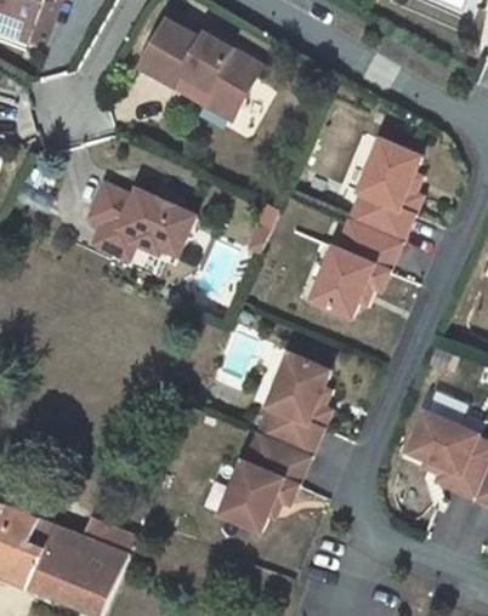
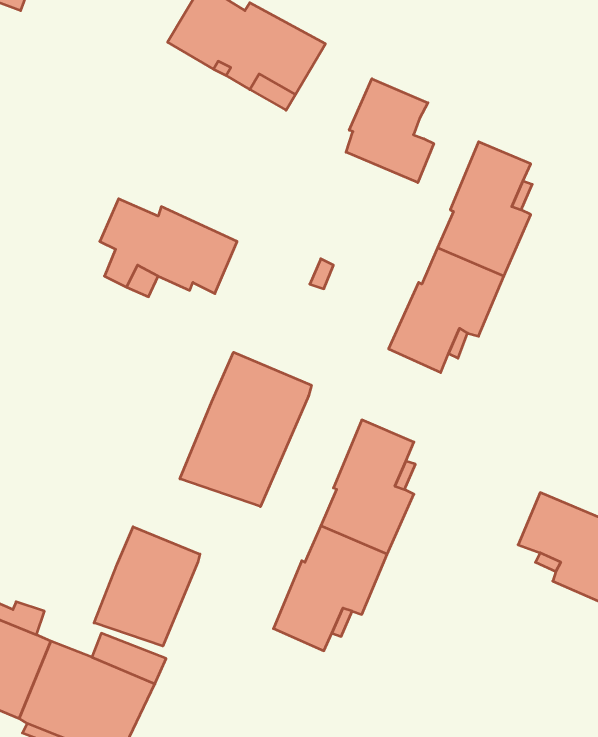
building: none -> [346,79,434,183]
building: none -> [180,352,311,507]
building: none -> [94,527,200,646]

